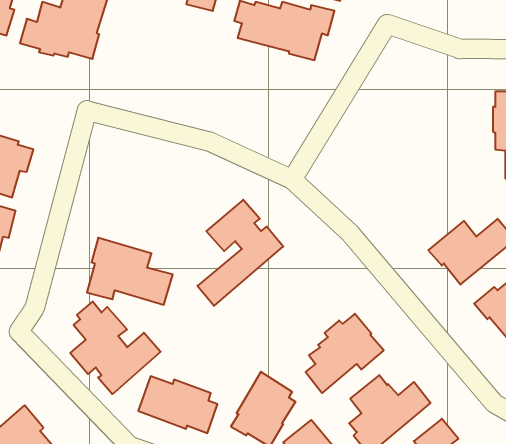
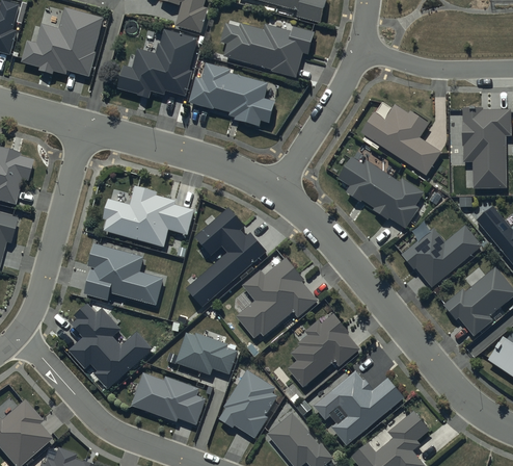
building: none -> [116,29,197,98]
building: none -> [188,62,274,126]
building: none -> [360,103,441,175]
building: none -> [336,155,423,228]
building: none -> [103,185,193,247]
building: none -> [236,257,318,337]
building: none -> [172,331,237,374]

